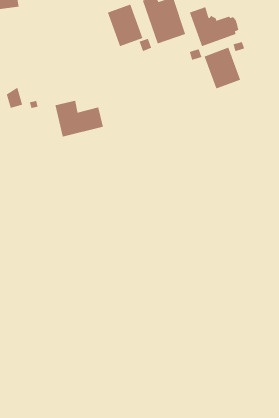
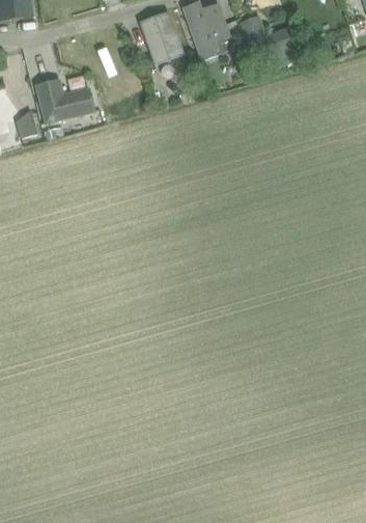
building: [203,47,241,90] -> none
building: [54,100,104,137] -> [35,78,95,123]

